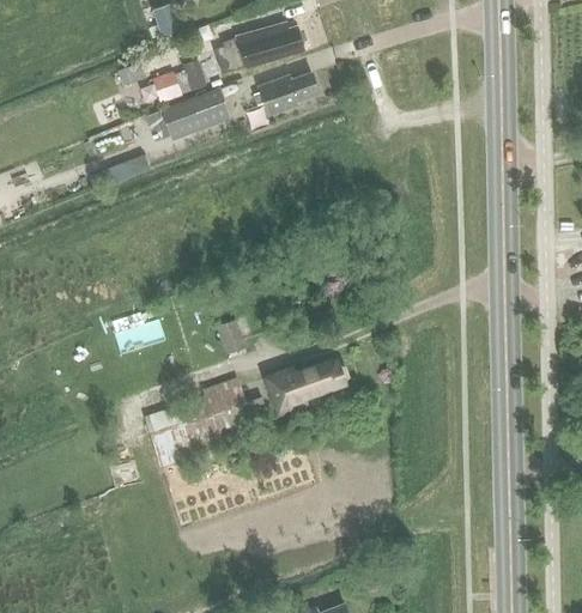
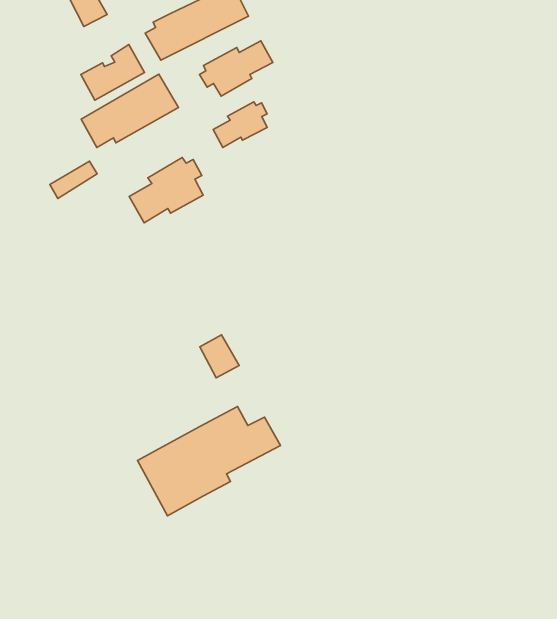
building: none -> [213,102,267,147]
building: none -> [129,158,203,223]
building: [265,358,348,412] -> none

